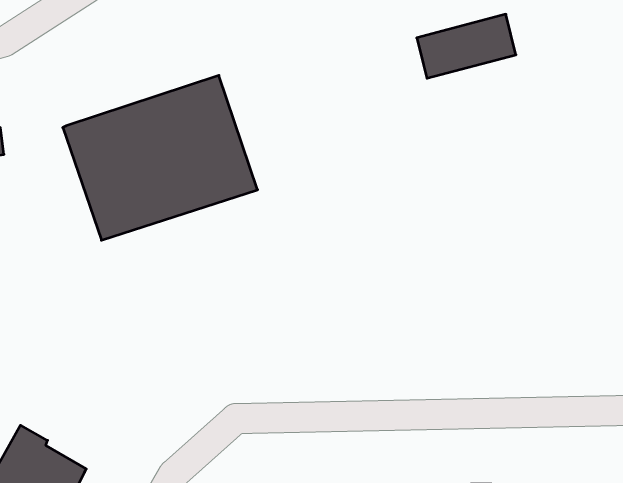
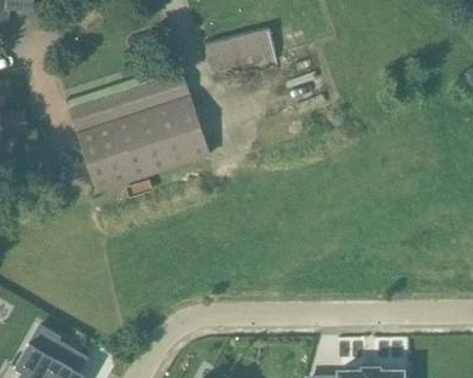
building: [417,14,516,78] -> [206,28,277,74]

